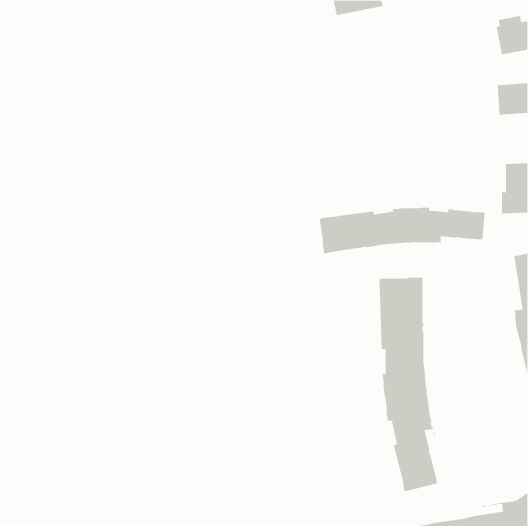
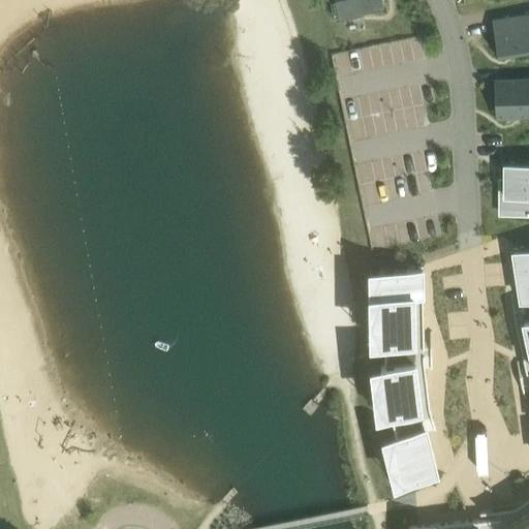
building: [319,207,485,254] -> none

